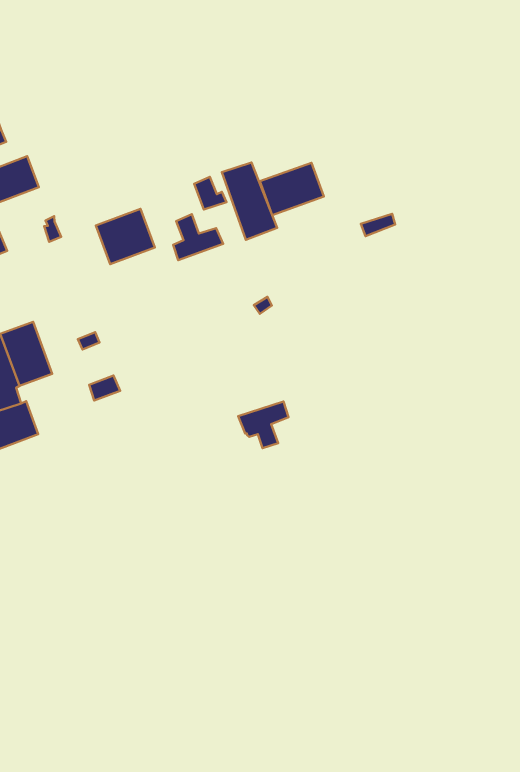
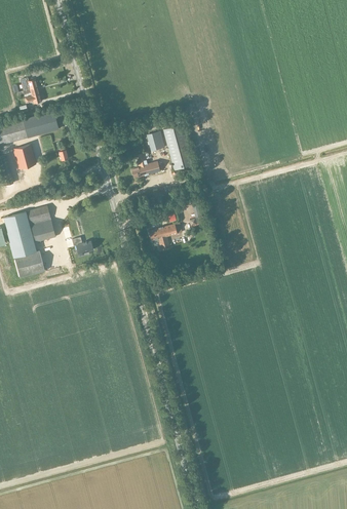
building: [260,163,324,215] -> none
building: [96,209,155,264] -> none
building: [238,401,288,448] -> [149,224,178,249]

